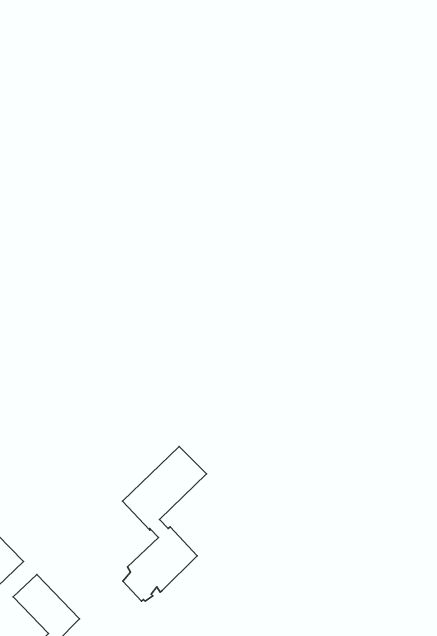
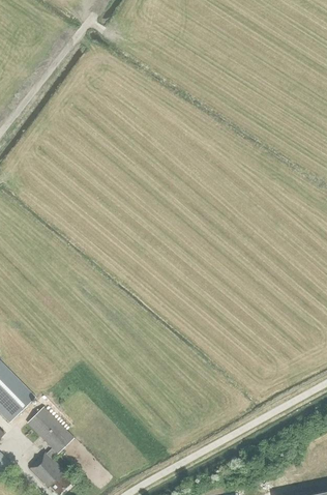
building: [123,447,206,601] -> none

